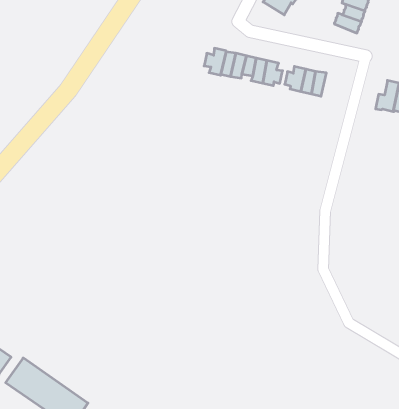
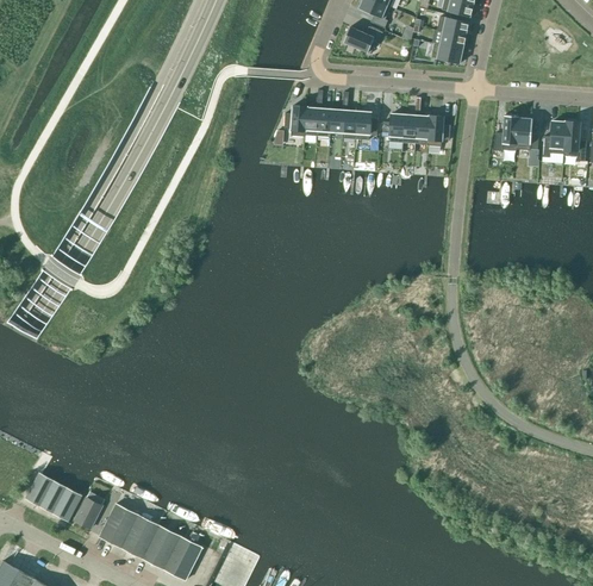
building: none -> [427,114,450,147]

